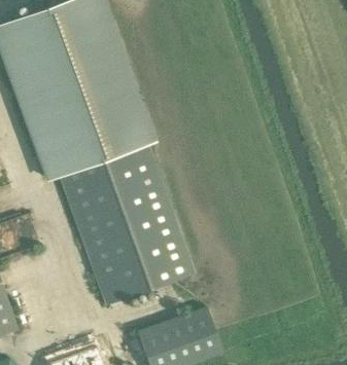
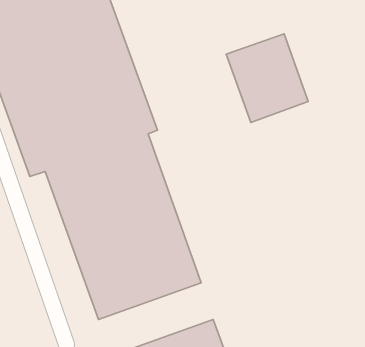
building: none -> [226,34,308,122]

